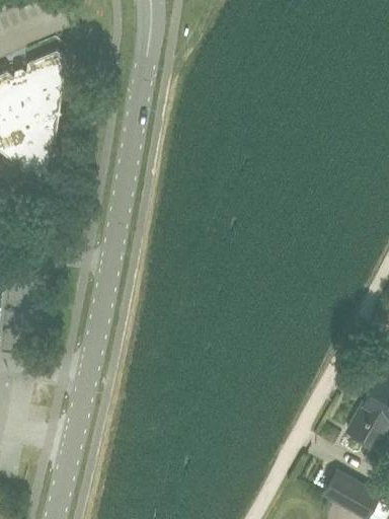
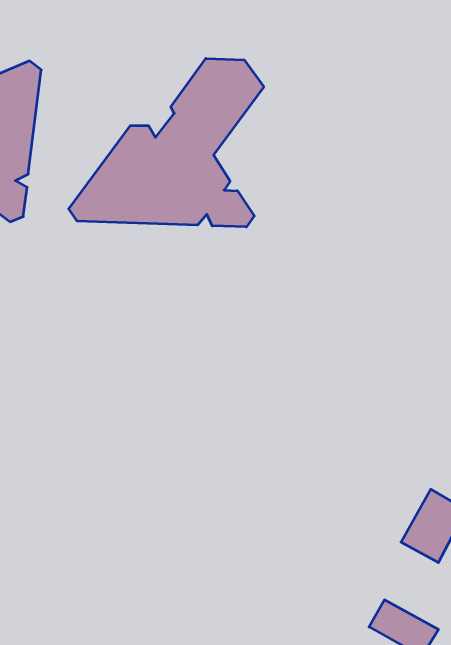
building: none -> [69,58,264,227]

